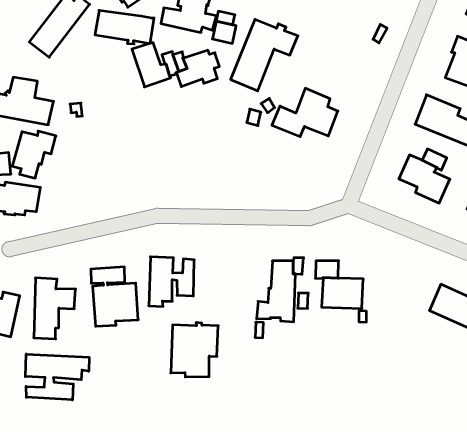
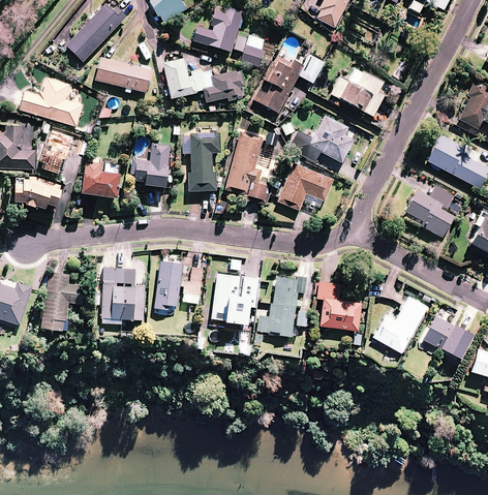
building: [95,10,154,44] -> [95,57,153,93]
building: none -> [330,71,385,117]
building: none -> [226,130,272,205]
building: none -> [182,132,220,191]
building: none -> [130,143,171,188]
building: none -> [278,163,333,210]
building: none -> [82,161,121,199]
building: none -> [372,296,428,352]
building: [171,323,218,377] -> [211,273,261,326]
building: [25,354,89,400] -> none

